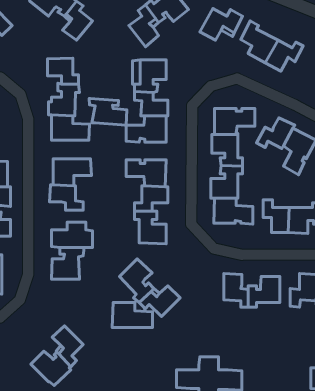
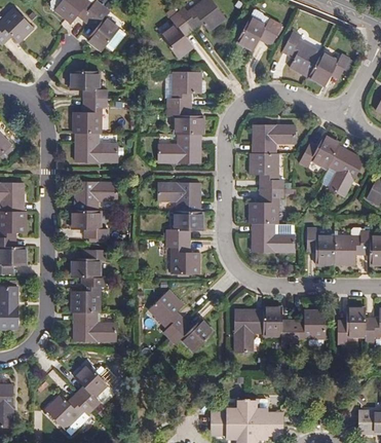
building: [89,98,127,125] -> none
building: none -> [235,309,263,353]
building: [112,302,152,328] -> [76,312,120,340]

